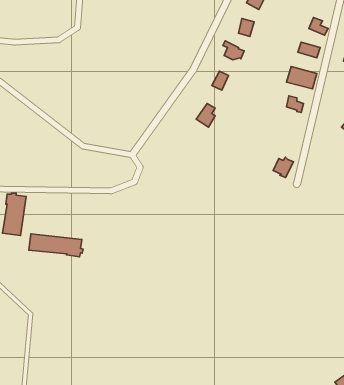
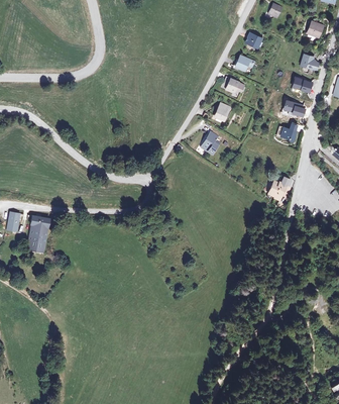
building: [29,234,83,257] -> none

